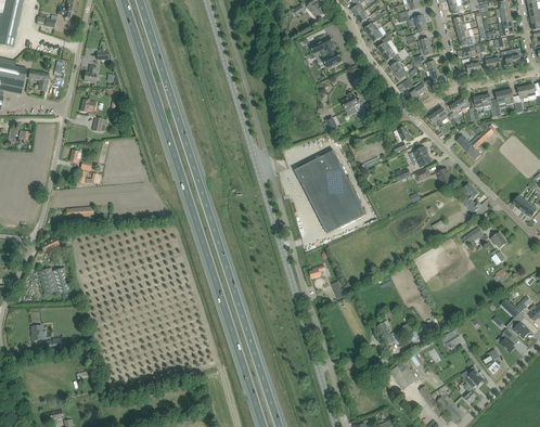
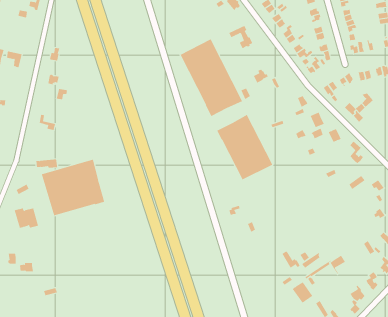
building: none -> [180,38,243,117]
building: none -> [41,159,105,216]

